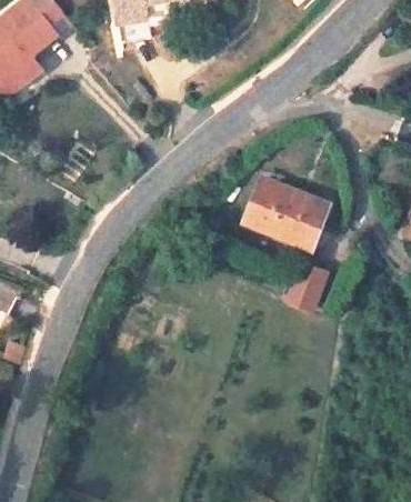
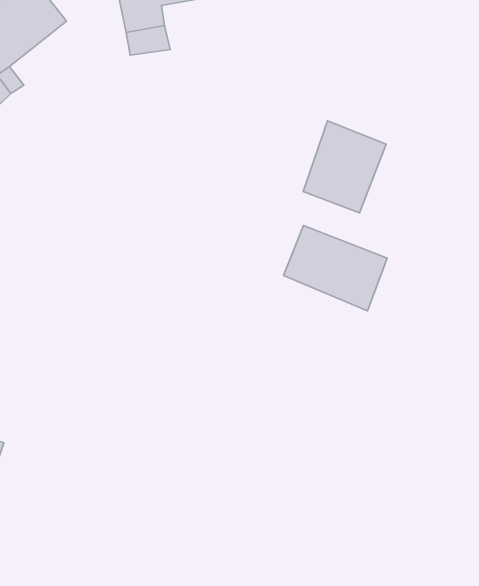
building: none -> [303,121,386,213]
building: [285,263,325,311] -> none

